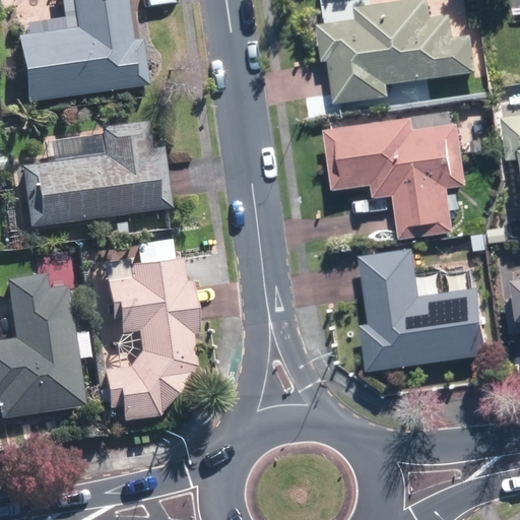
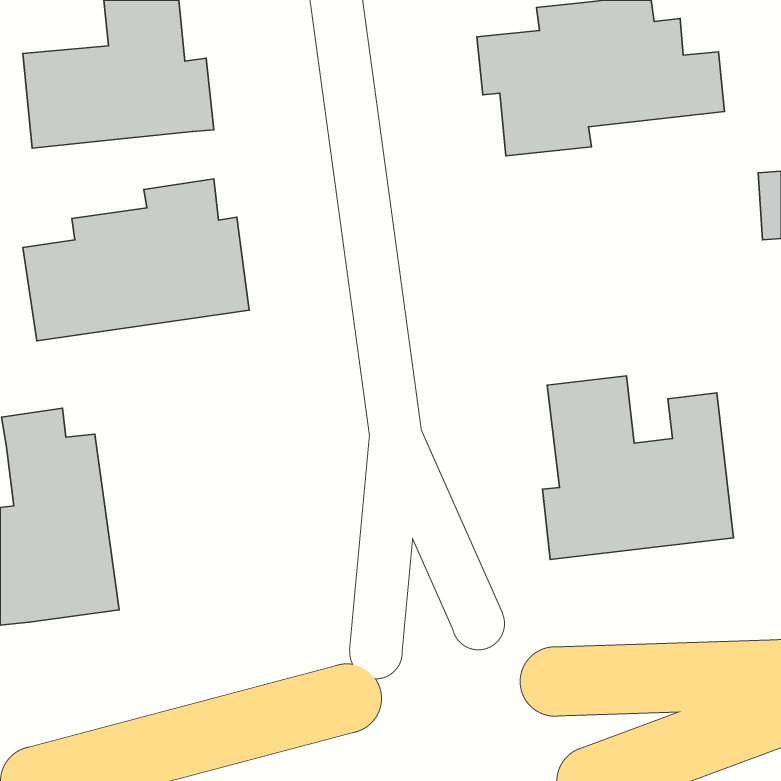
building: [326,118,466,239] -> none
building: [100,256,193,420] -> none

